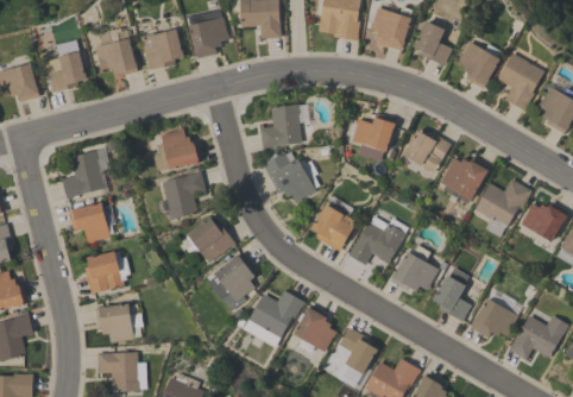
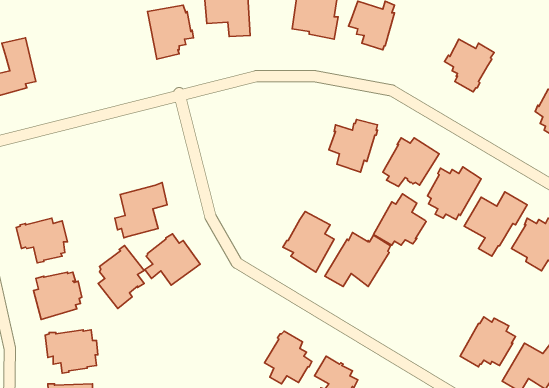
building: [413,13,452,65] -> none
building: [93,27,138,76] -> none
building: [140,27,183,69] -> none
building: [497,52,544,109] -> none
building: [260,103,309,147] -> none
building: [153,127,203,171] -> none
building: [62,147,109,198] -> none
building: [263,151,319,201] -> none
building: [391,244,439,290] -> [374,194,426,245]
building: [214,253,256,310] -> [98,246,144,309]
building: [433,267,471,321] -> none
building: [244,289,304,347] -> none

